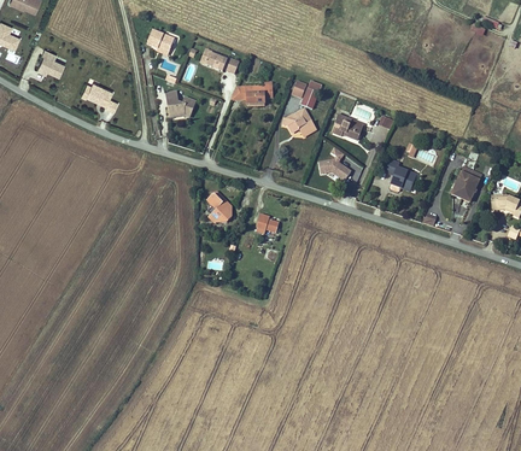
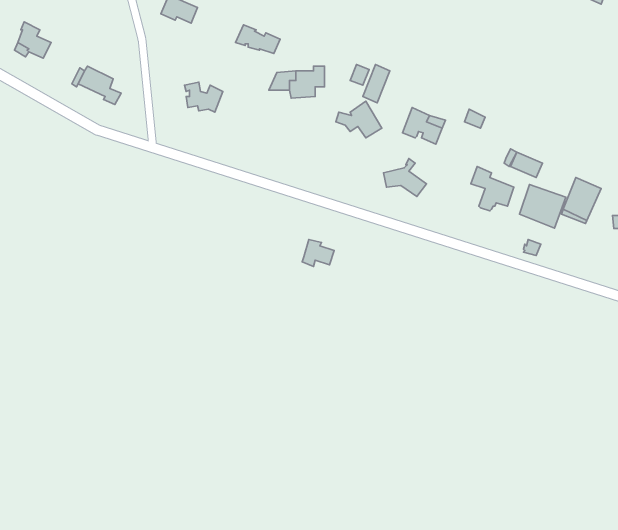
building: none -> [520,184,566,228]
building: [205,188,232,223] -> none

